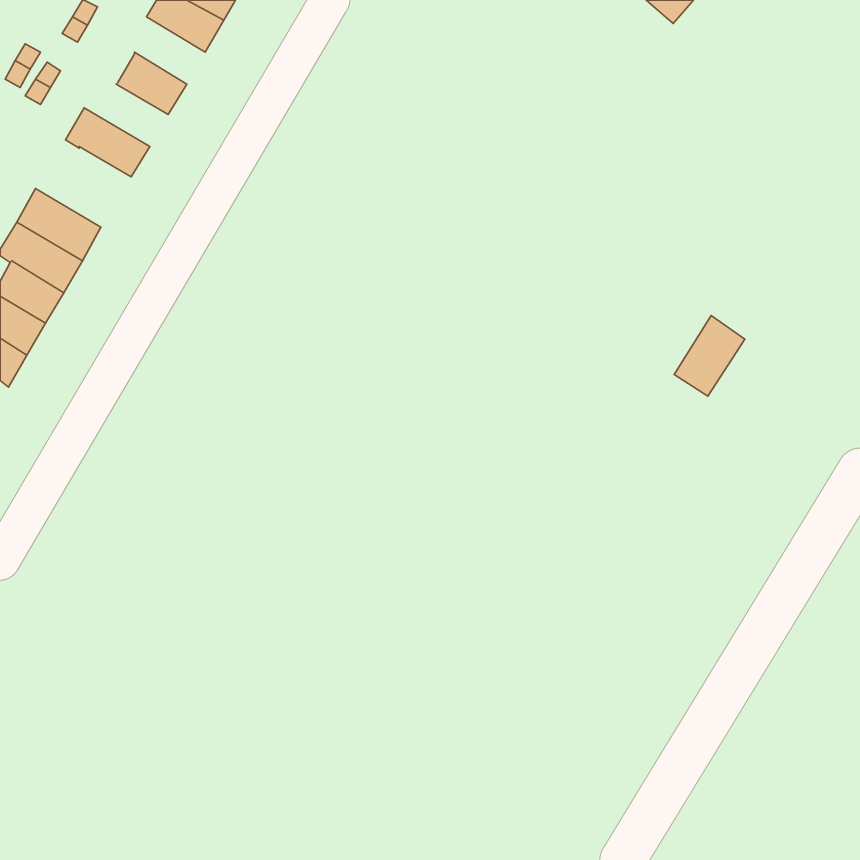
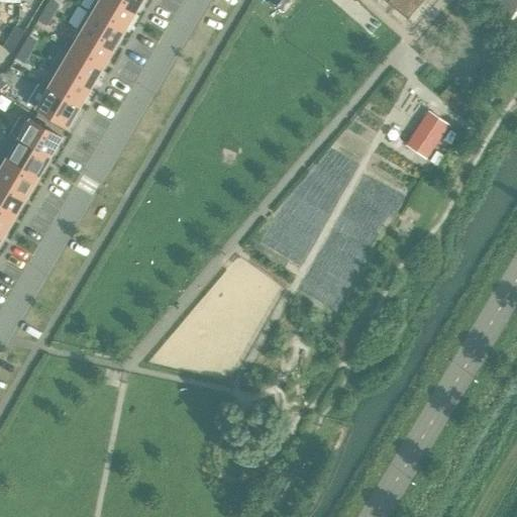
building: none -> [77,10,123,50]
building: none -> [50,44,101,88]
building: none -> [36,88,79,126]
building: [674,316,745,396] -> [406,110,448,159]

